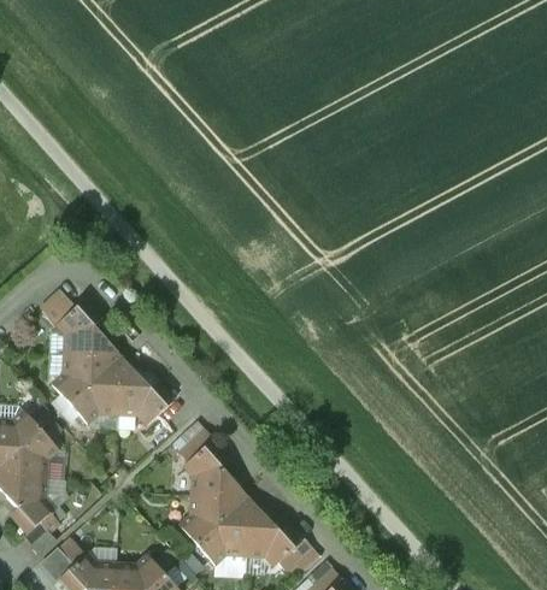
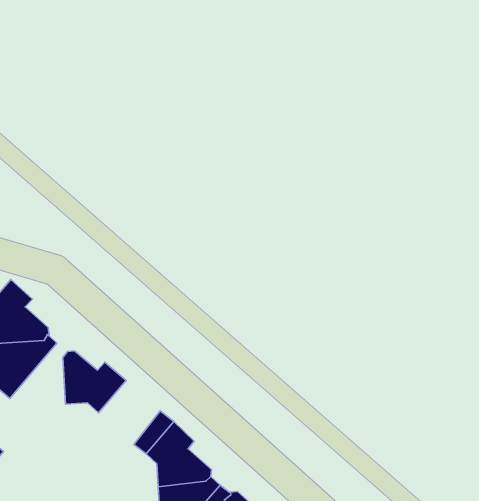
building: [69,360,124,423] -> none

